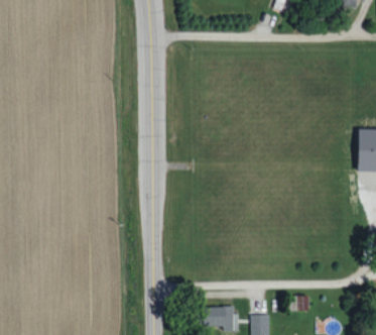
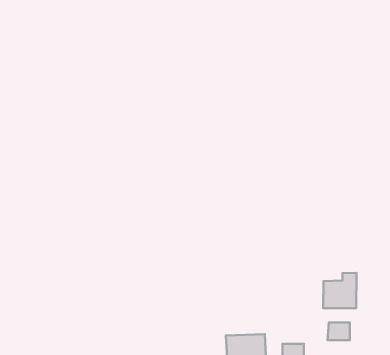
building: none -> [323,273,357,308]

